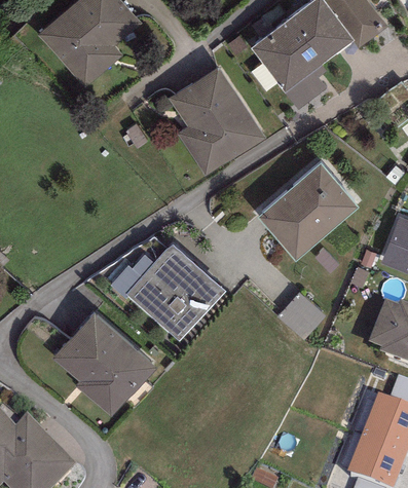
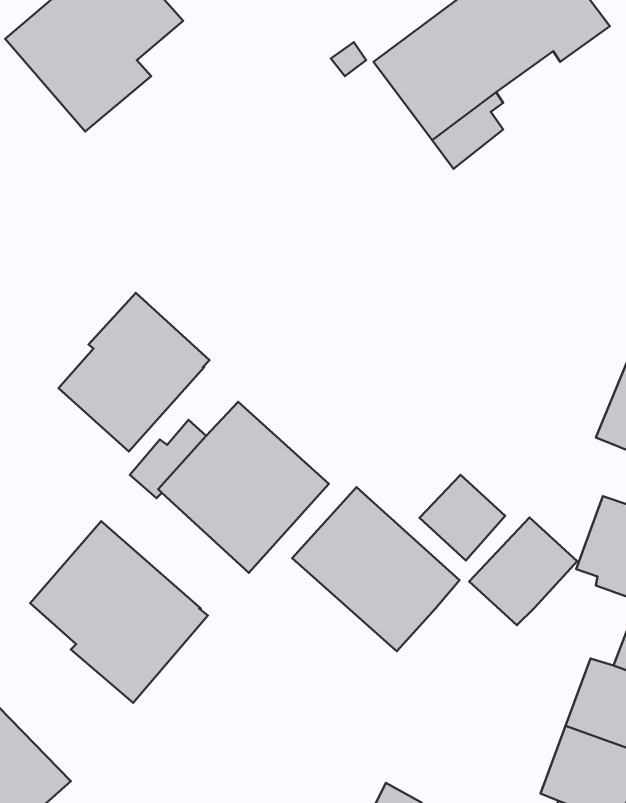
building: [168,66,265,177] -> none
building: [258,163,359,261] -> none
building: none -> [59,293,210,451]
building: none -> [292,487,459,651]
building: none -> [469,517,577,625]

